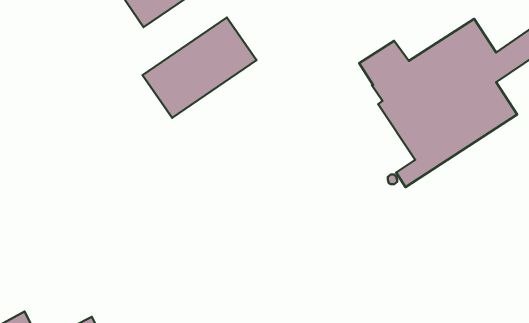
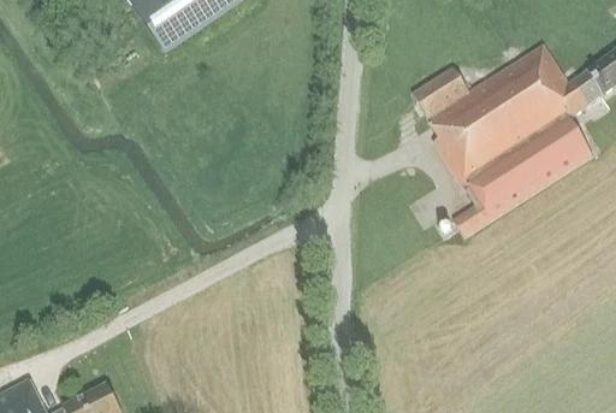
building: [143,18,257,118] -> none

